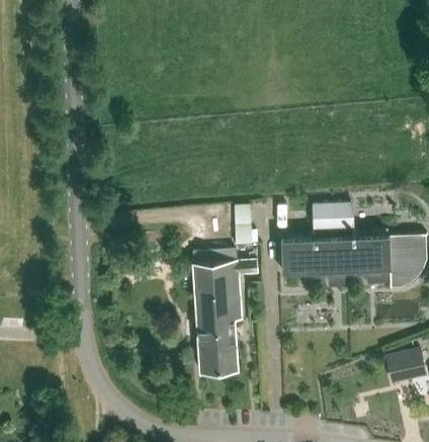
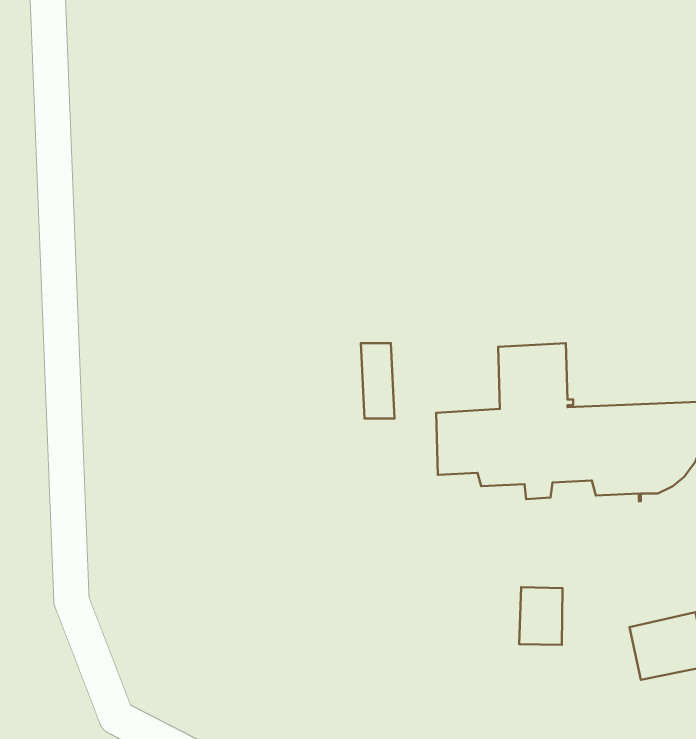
building: [183,249,257,371] -> none
building: none -> [519,587,562,645]

